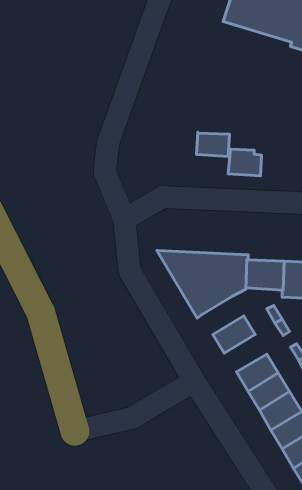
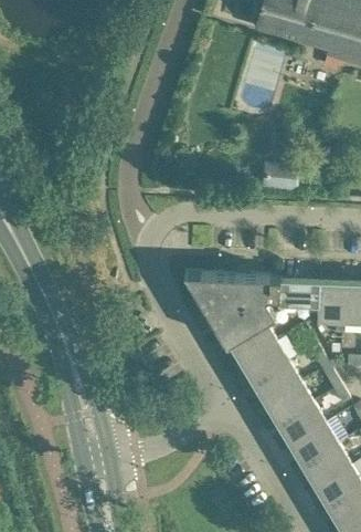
building: [197,132,230,156] -> none
building: none -> [231,322,276,363]
building: none -> [255,363,300,403]

